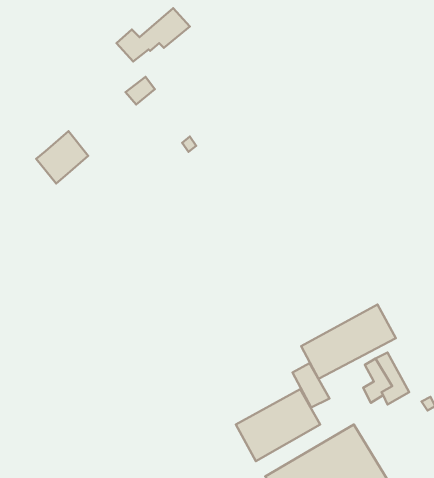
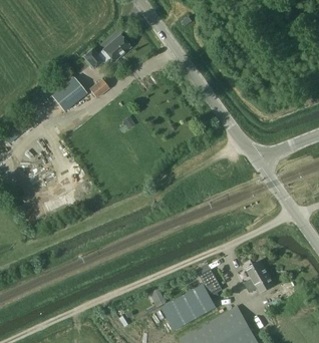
building: [36,131,88,183] -> [52,75,86,109]
building: [301,304,396,379] -> none

